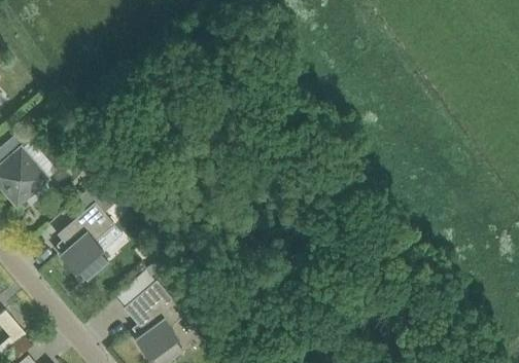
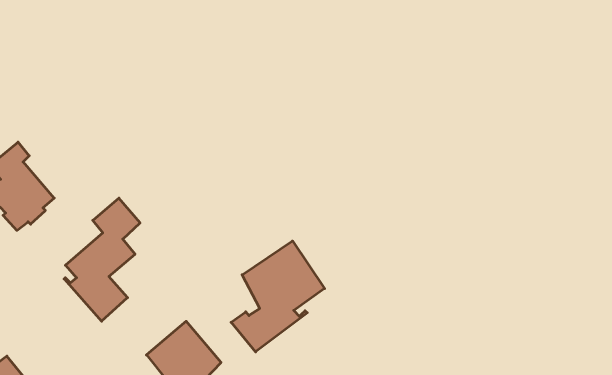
building: none -> [231,241,325,352]

